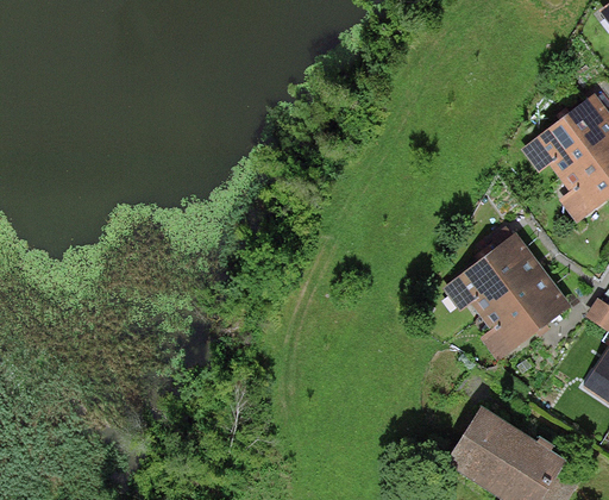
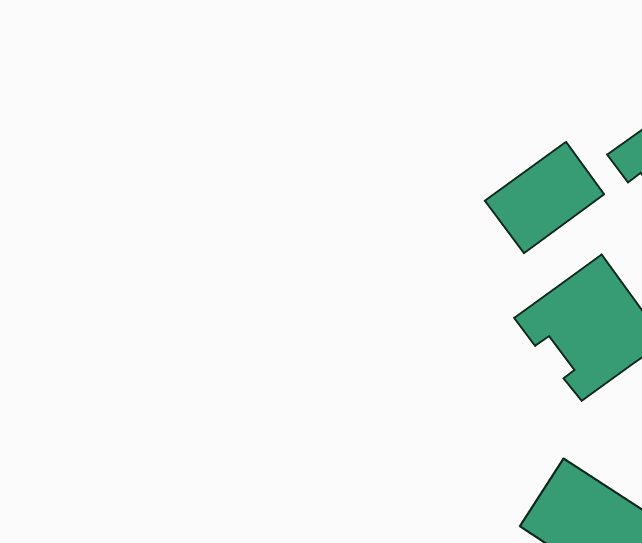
building: none -> [485,142,604,253]

